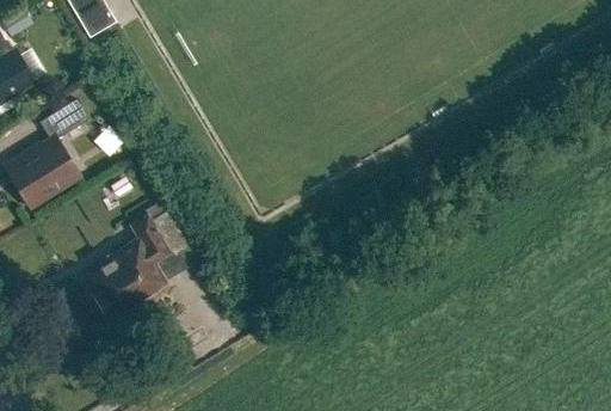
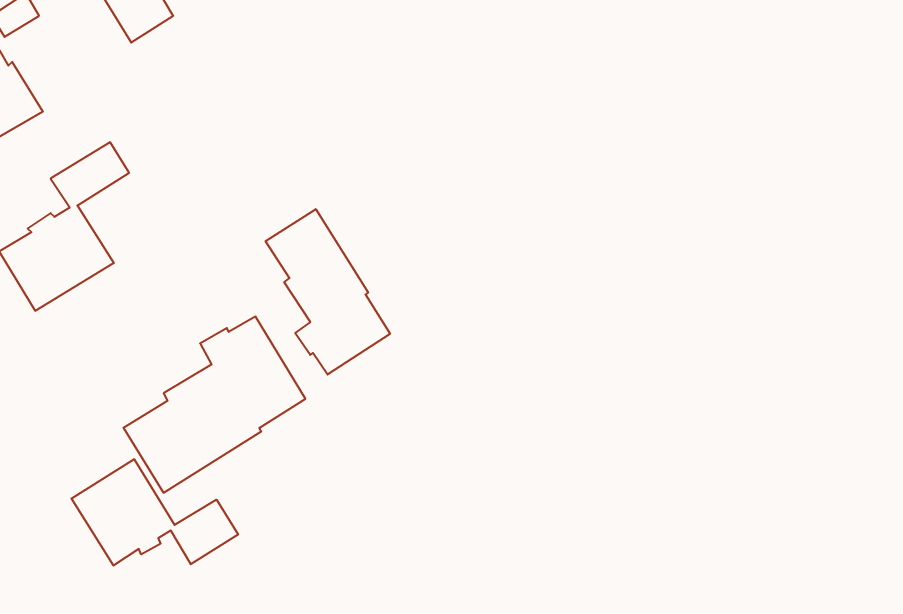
building: none -> [266,209,390,375]
building: none -> [71,459,238,566]

